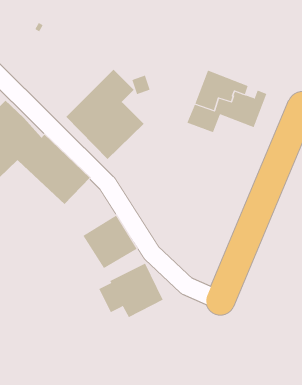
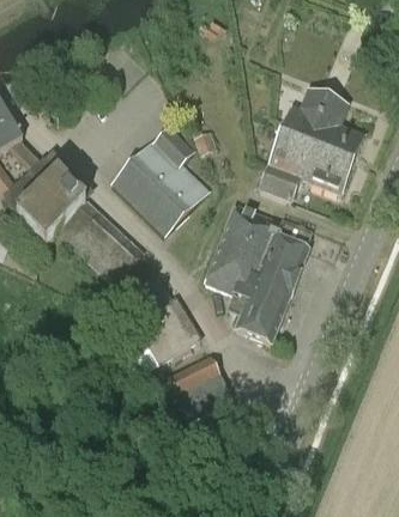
building: none -> [284,90,363,158]
building: none -> [204,203,309,343]

